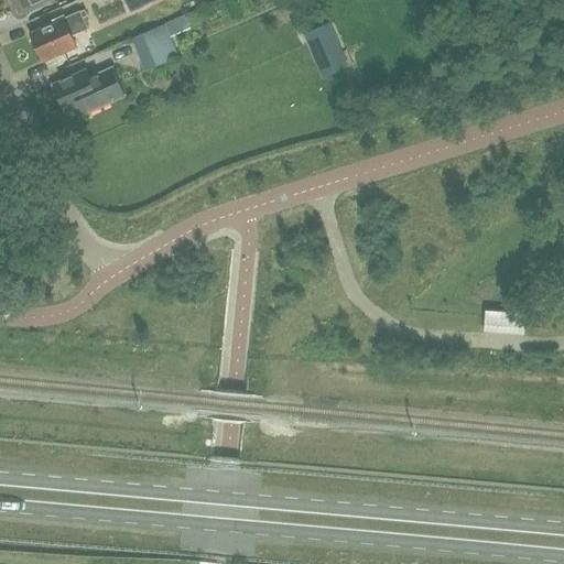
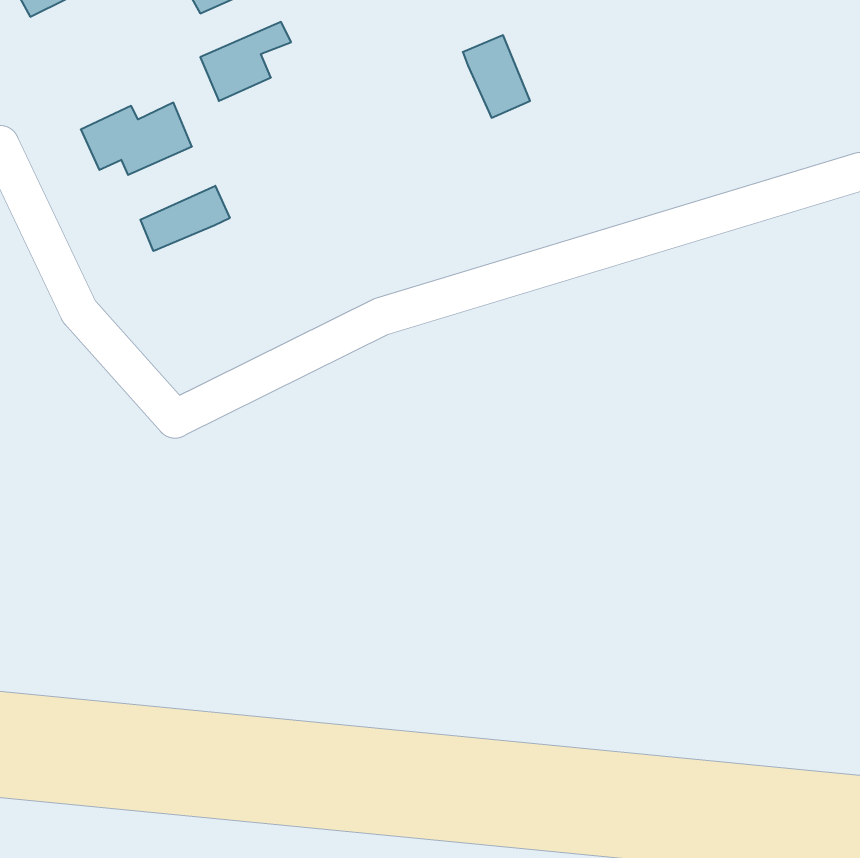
building: [30,10,87,61] -> none
building: none -> [140,186,230,251]

